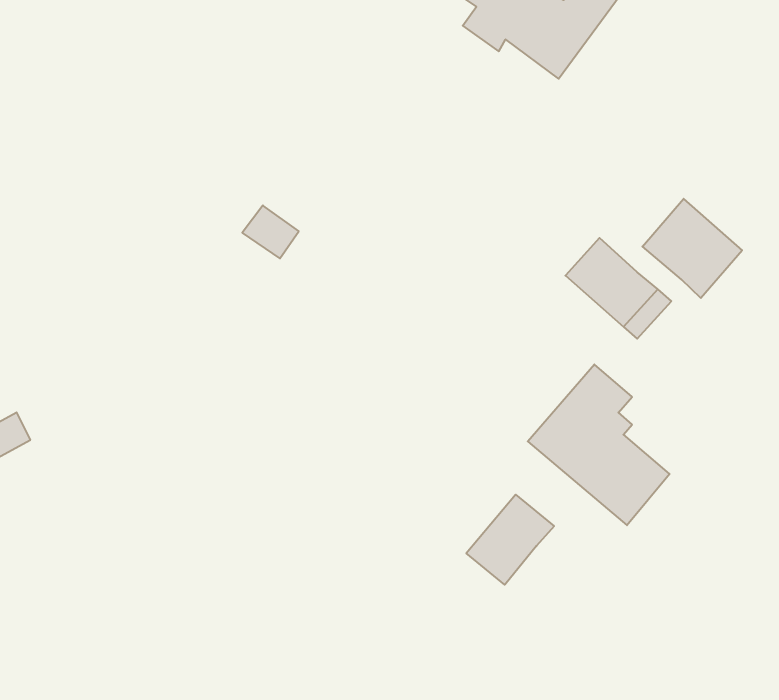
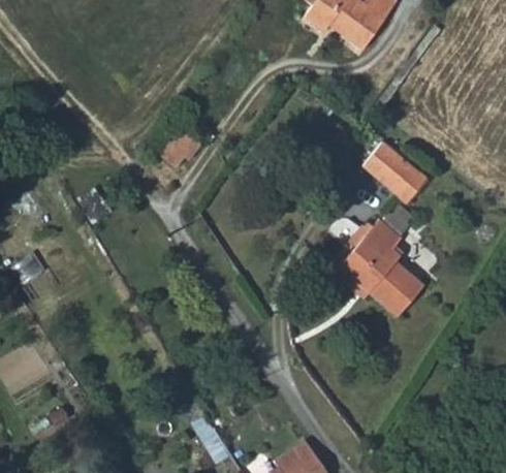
building: [642,199,742,298] -> none
building: [466,495,554,585] -> none

